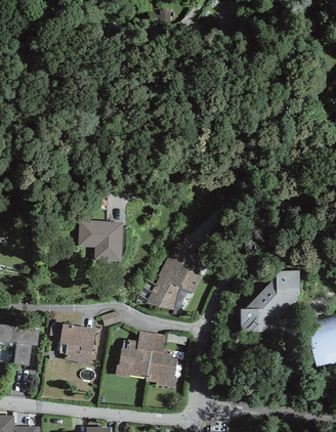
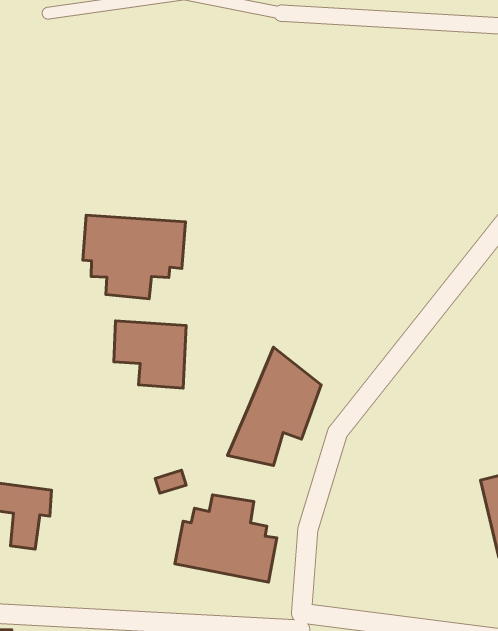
building: none -> [83,215,186,299]
building: [241,268,300,331] -> none
building: [48,323,95,363] -> none

